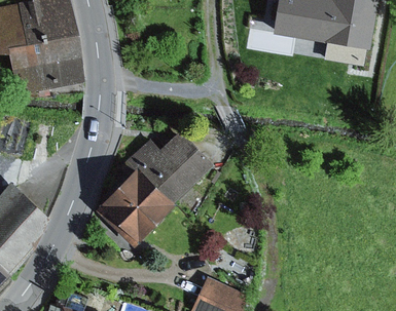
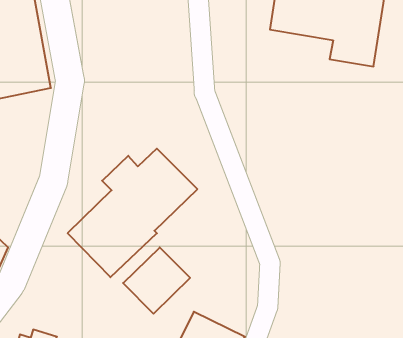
building: none -> [123,247,190,314]

